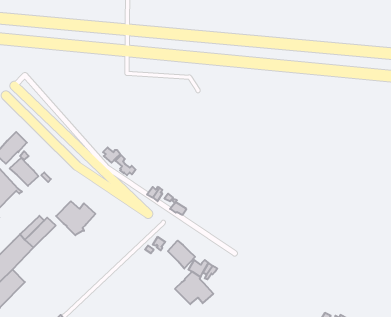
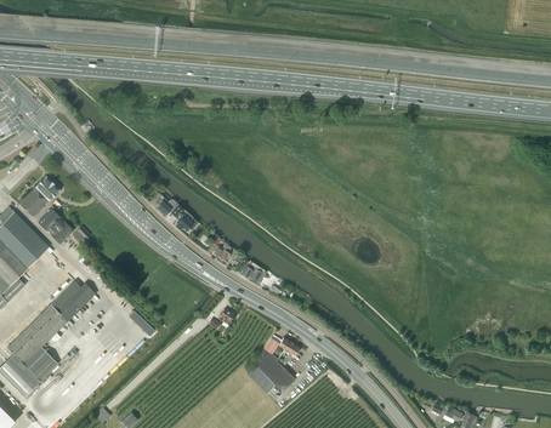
building: [56,201,95,235] -> none
building: [168,241,195,269] -> none

